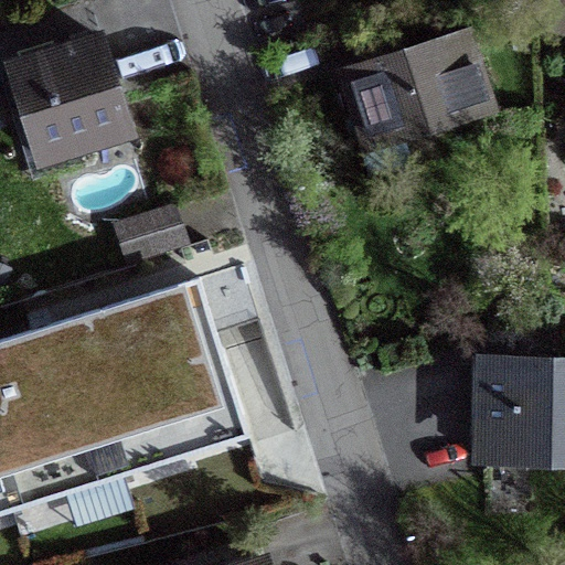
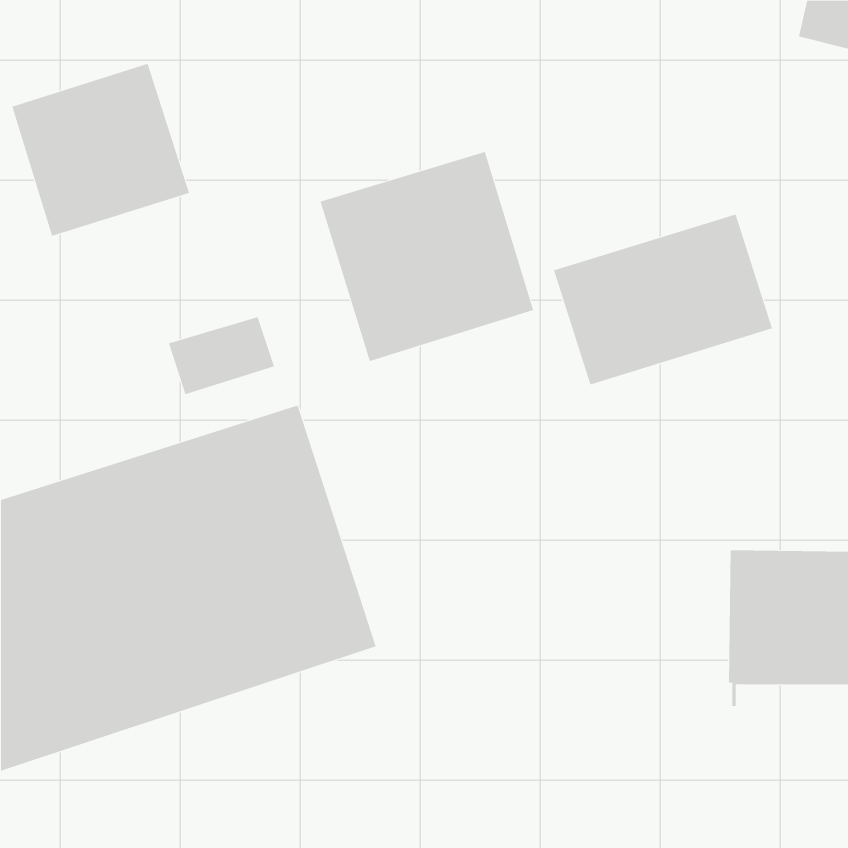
building: [343,36,489,150] -> [553,214,773,385]
building: none -> [320,151,534,362]

